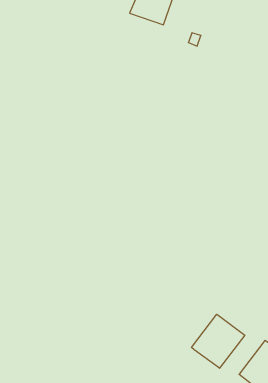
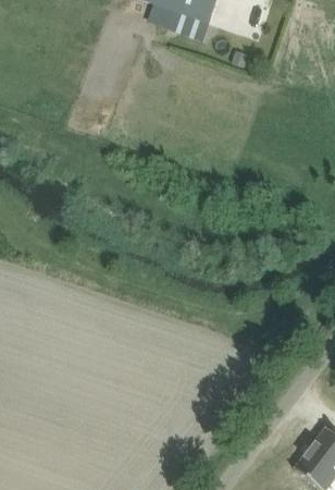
building: [192,314,245,368] -> none

